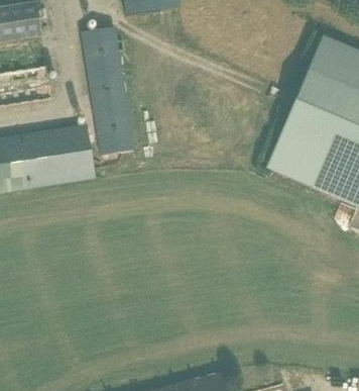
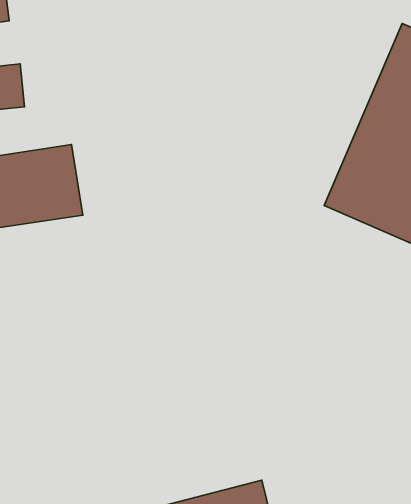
building: [84,26,134,156] -> none

